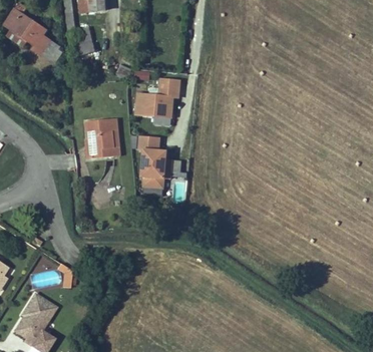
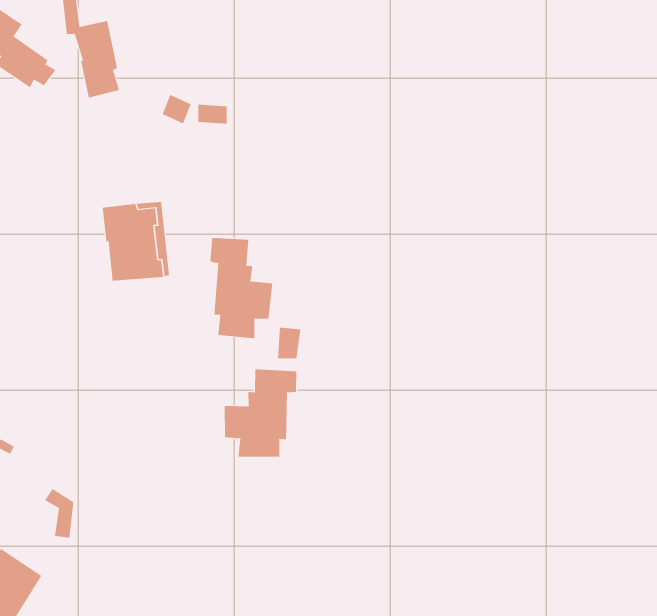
building: [136,78,180,117] -> none
building: none -> [224,369,297,458]

